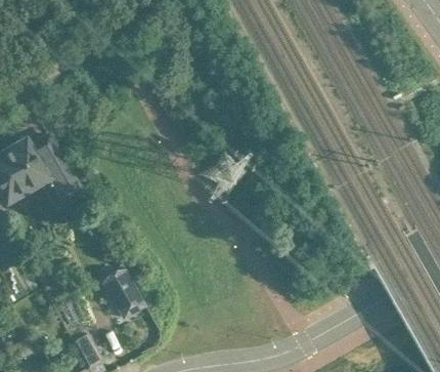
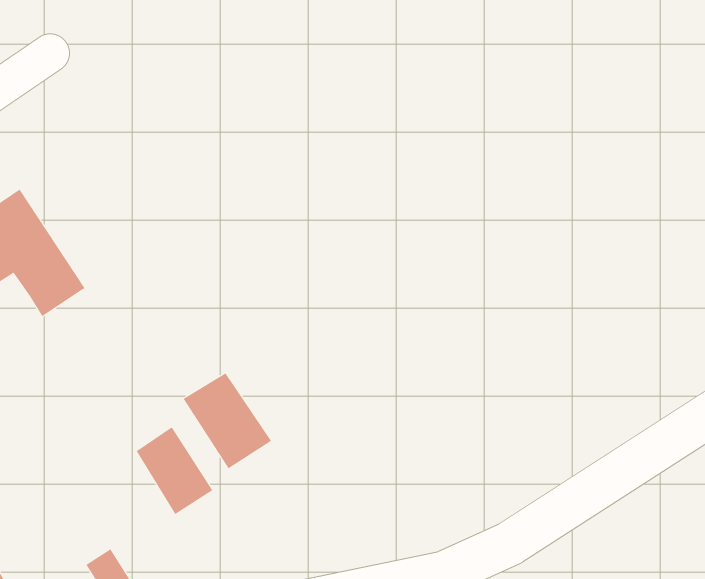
building: none -> [183,372,272,469]

